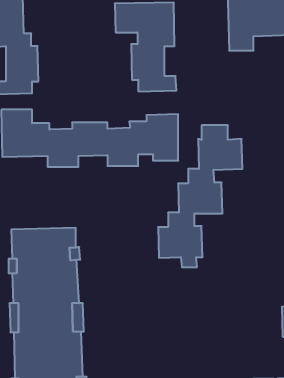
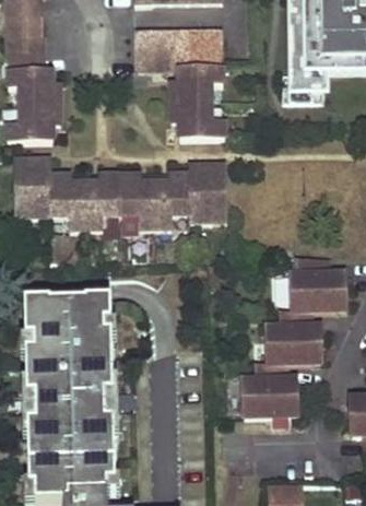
building: [158,125,242,267] -> [243,257,344,427]

